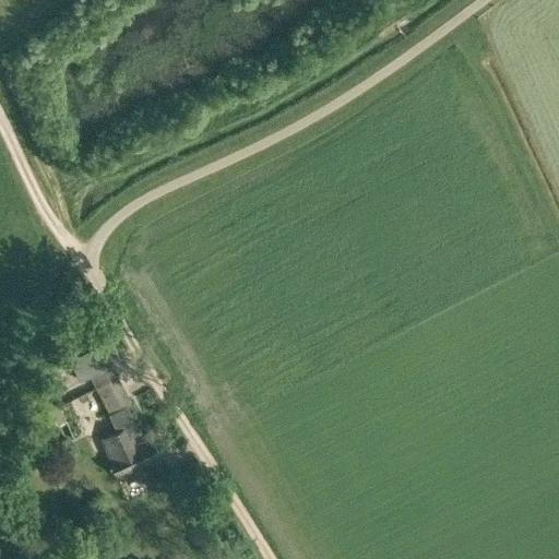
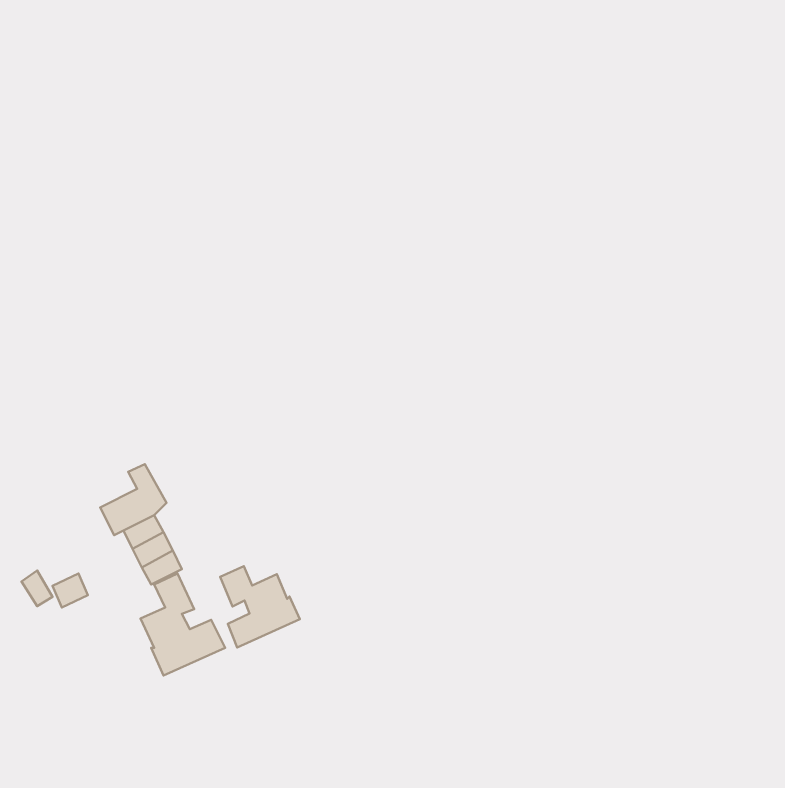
building: none -> [220,566,300,647]

